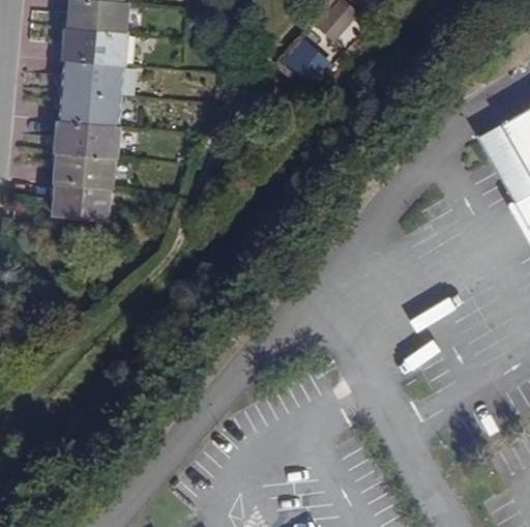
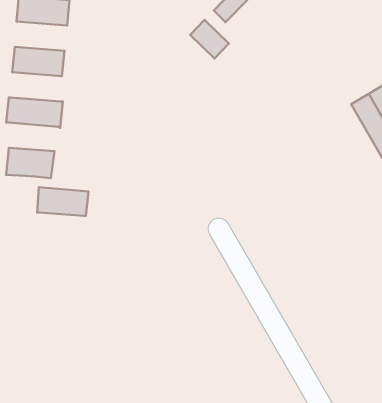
building: [61,34,130,71] -> none
building: [59,97,122,134] -> none
building: [55,159,118,195] -> [37,187,88,216]

